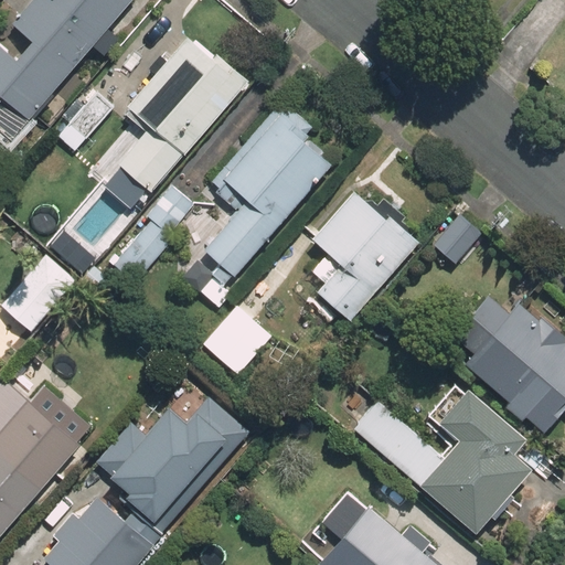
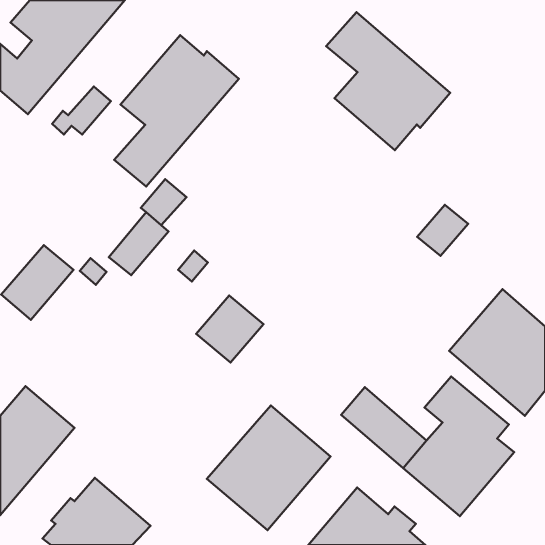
building: none -> [326,12,450,150]
building: [204,100,332,276] -> none
building: [302,189,418,337] -> none
building: [99,395,227,524] -> [207,405,331,530]

